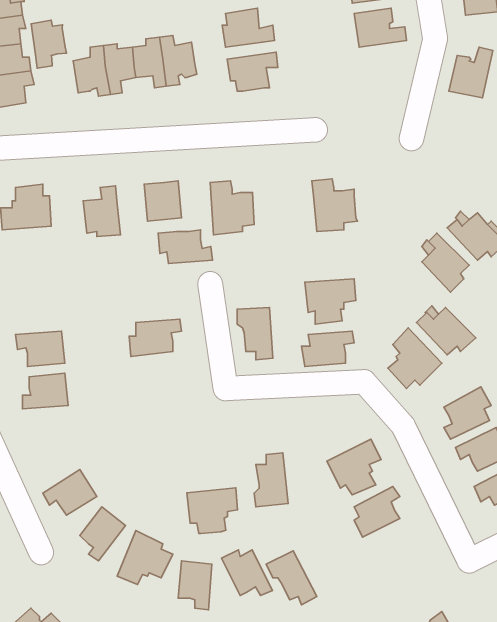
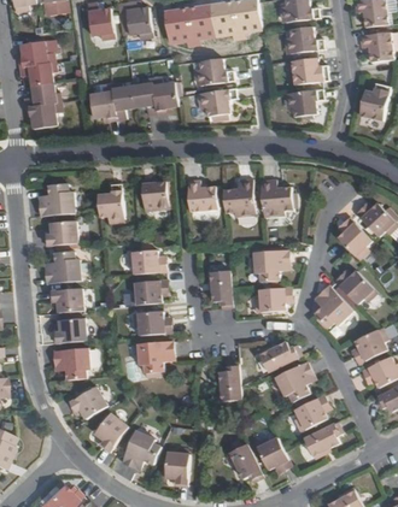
building: [31,20,66,68] -> none
building: none -> [286,88,322,117]
building: none -> [230,179,263,218]
building: [158,230,212,264] -> [125,249,164,273]
building: none -> [43,219,77,244]
building: none -> [43,249,80,282]
building: none -> [131,309,171,335]
building: none -> [252,343,295,373]
building: none -> [52,347,89,378]
building: [187,488,238,533] -> [136,340,172,372]
building: none -> [298,424,336,460]
building: [222,550,272,595] -> [256,436,292,468]

